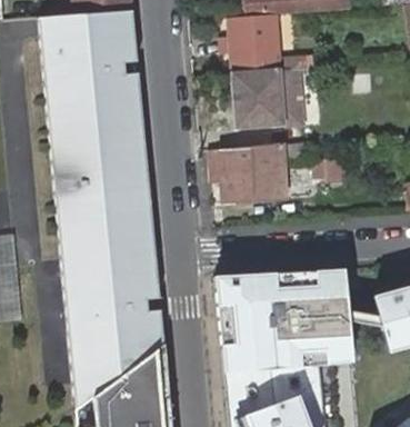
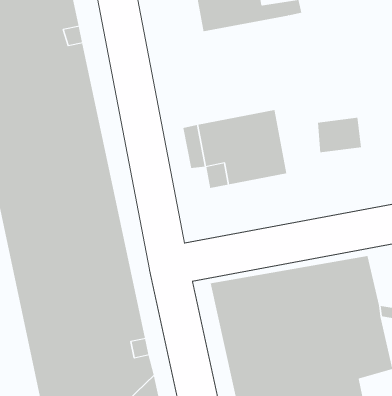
building: [233,70,304,129] -> none

